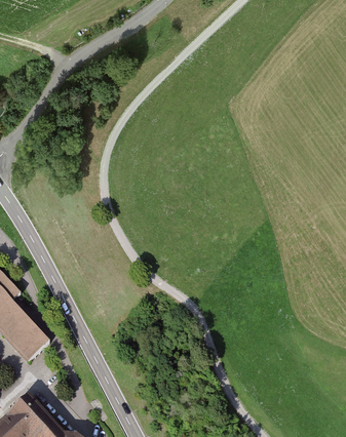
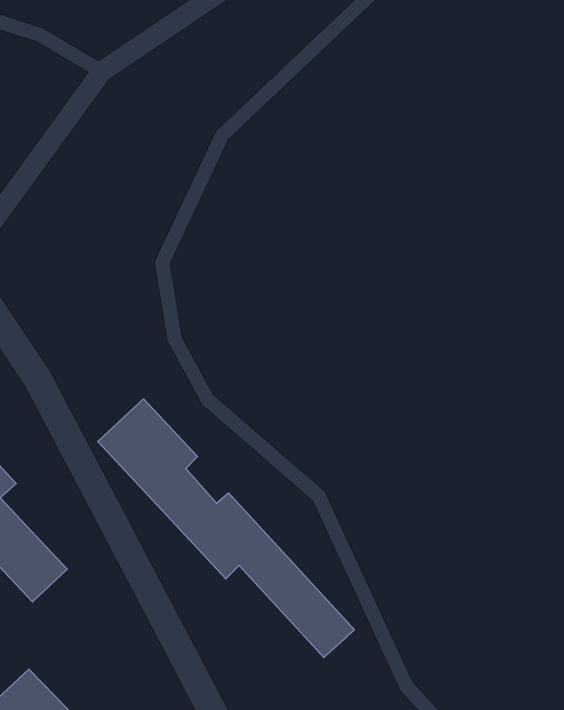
building: none -> [98,399,354,658]

